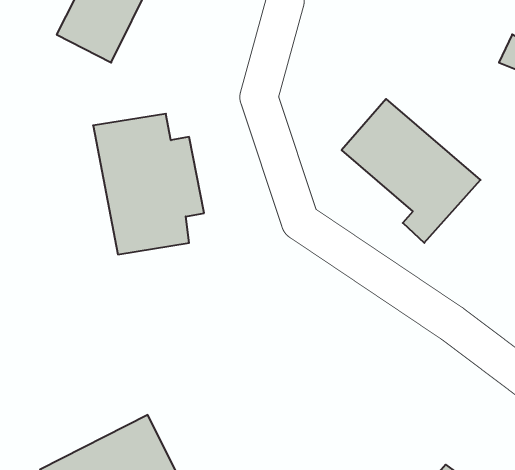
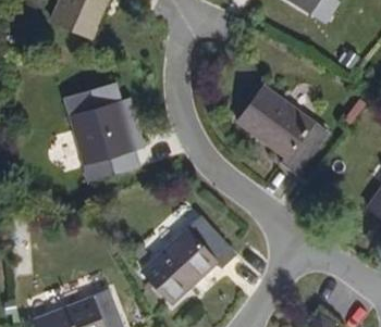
building: none -> [139,214,237,300]

